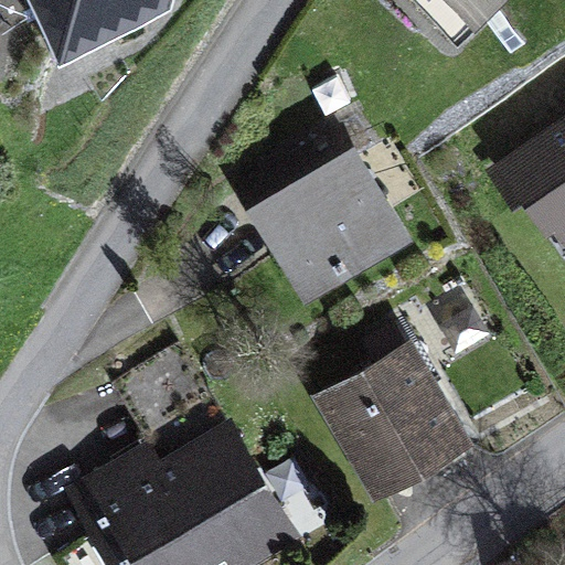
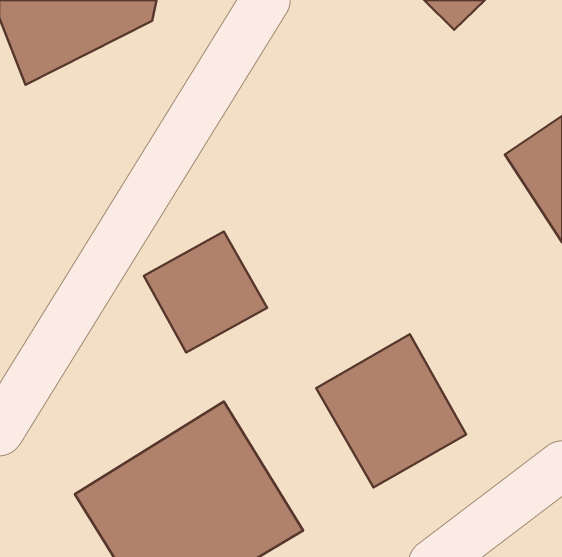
building: [246,143,408,301] -> none
building: none -> [144,231,267,353]

